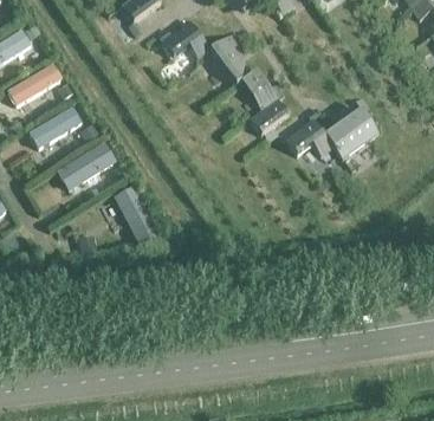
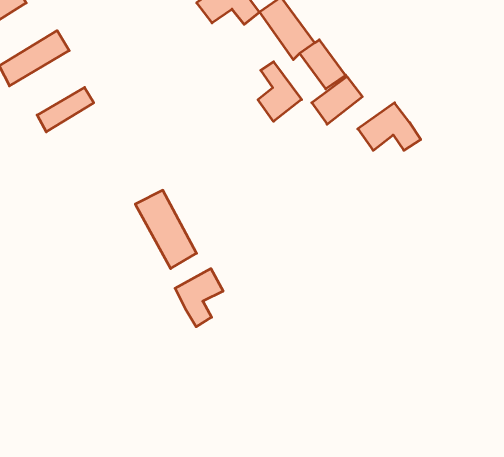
building: none -> [258,62,302,121]
building: [324,108,371,150] -> none
building: [57,142,116,190] -> none
building: none -> [175,269,223,327]

